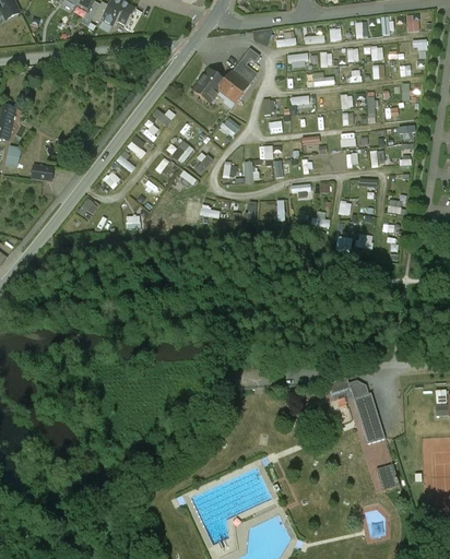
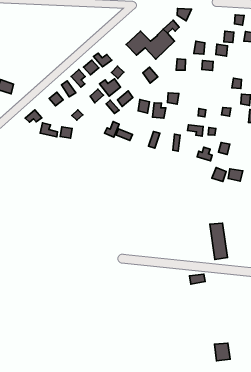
building: [354,394,384,444] -> [210,223,227,260]

